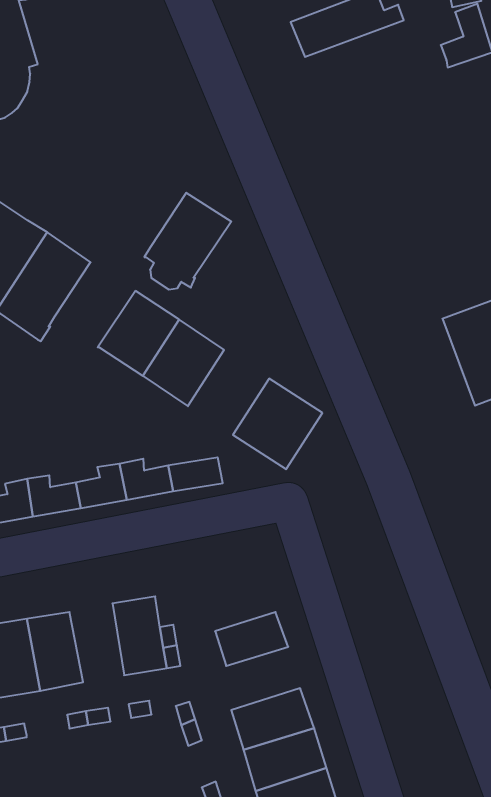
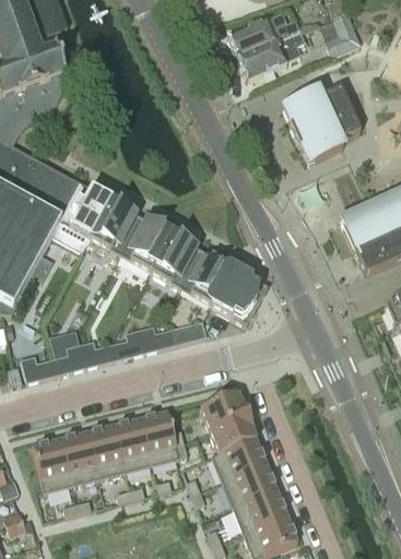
building: none -> [240,27,308,79]
building: none -> [285,87,362,162]
building: [144,193,231,289] -> [87,199,142,262]
building: none -> [181,249,233,304]
building: none -> [201,393,248,431]
building: none -> [115,418,153,471]
building: none -> [213,438,268,481]

